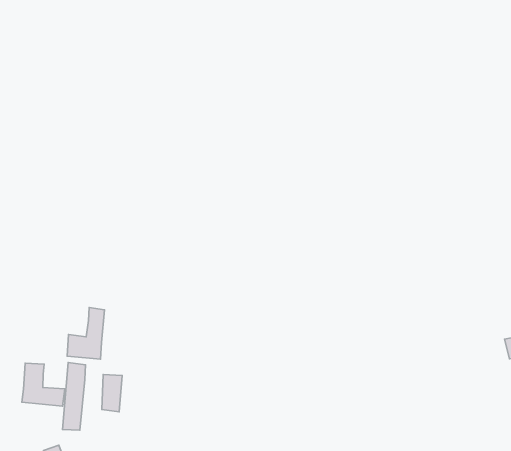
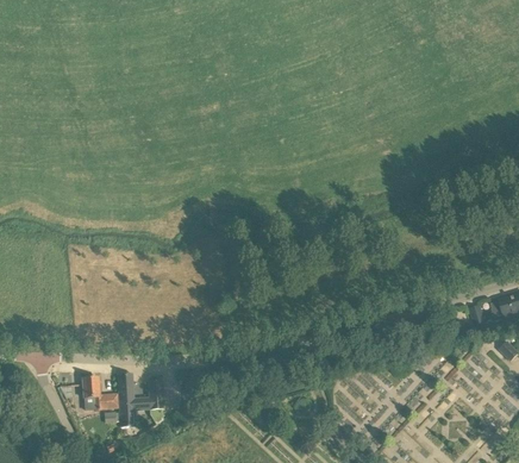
building: [67,308,105,359] -> none

